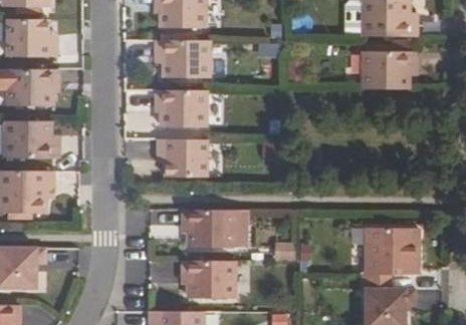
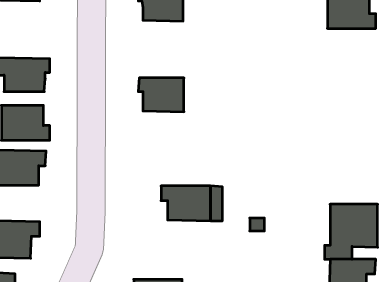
building: [7,18,57,55] -> none
building: [155,40,208,78] -> none
building: [363,50,416,88] -> none
building: [156,139,207,178] -> none
building: [180,260,234,298] -> none

